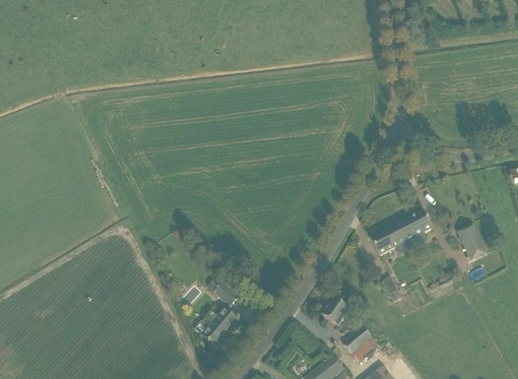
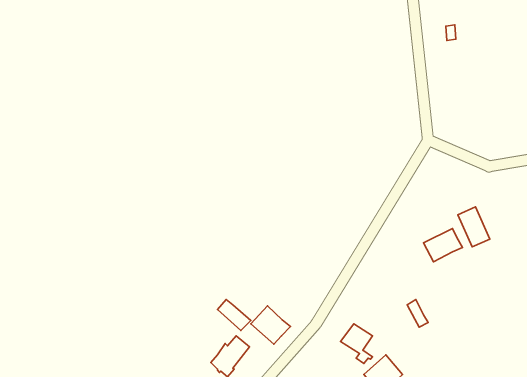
building: [370,224,406,255] -> none
building: [457,224,487,260] -> [458,207,490,247]
building: none -> [251,306,290,344]

